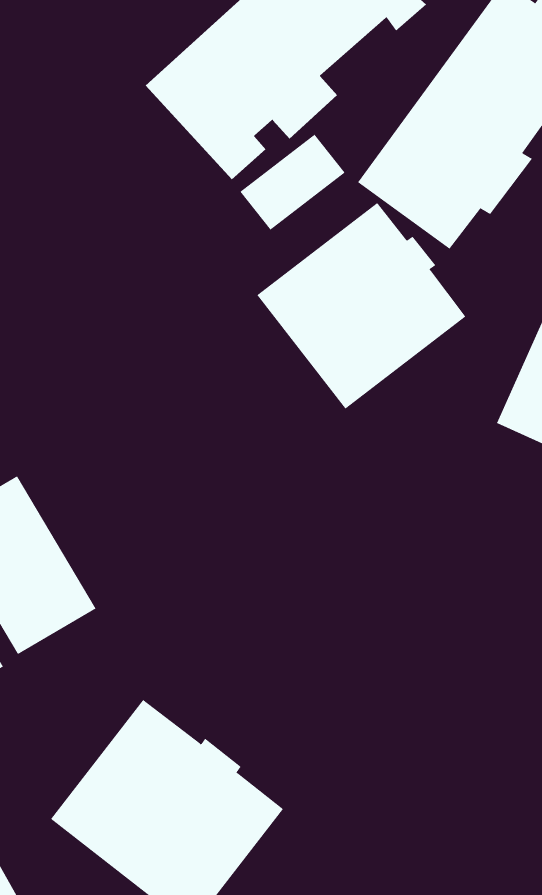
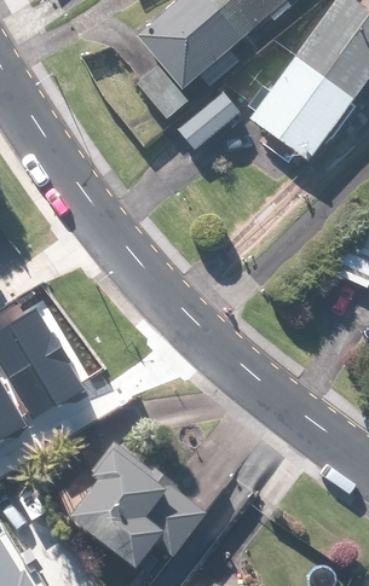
building: [256,202,466,410] -> none

